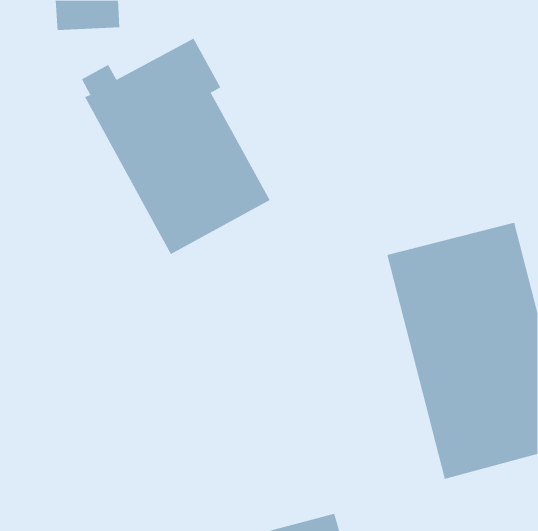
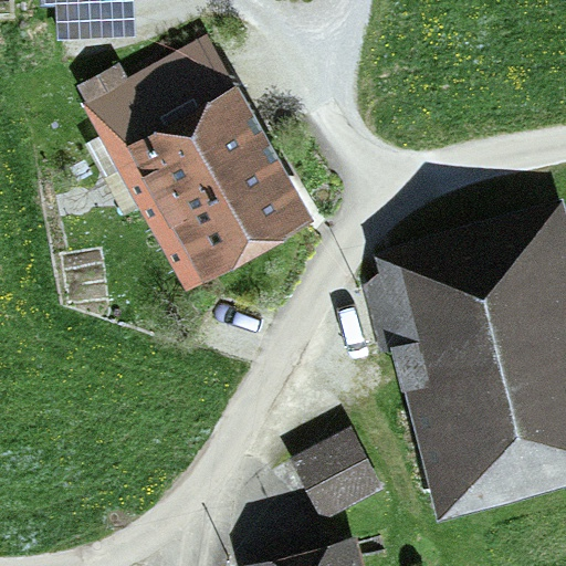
building: none -> [294,432,382,521]

